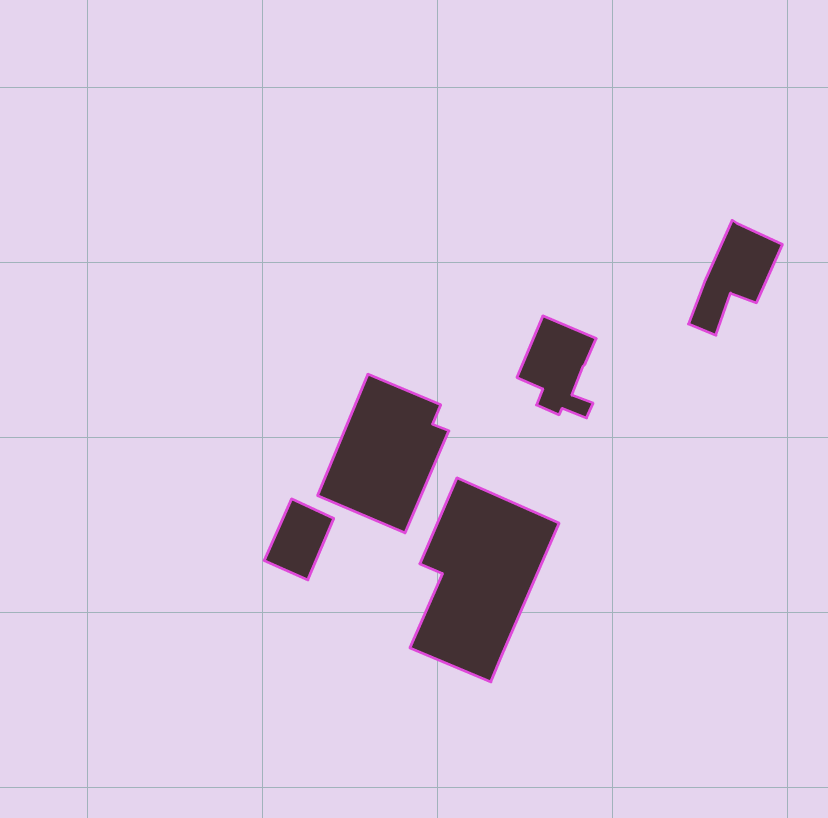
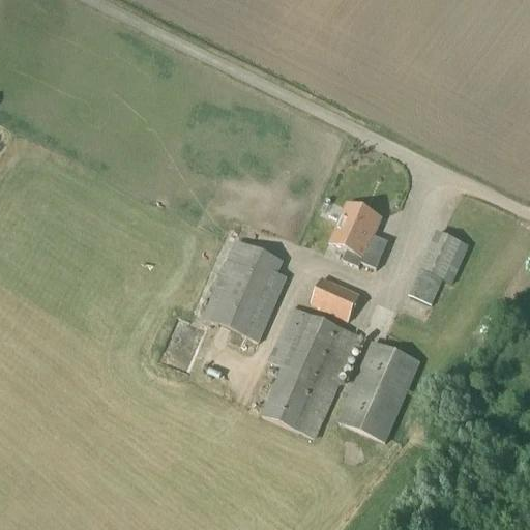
building: [688,220,782,335] -> [409,229,469,302]
building: none -> [311,275,359,320]
building: none -> [338,341,419,440]

